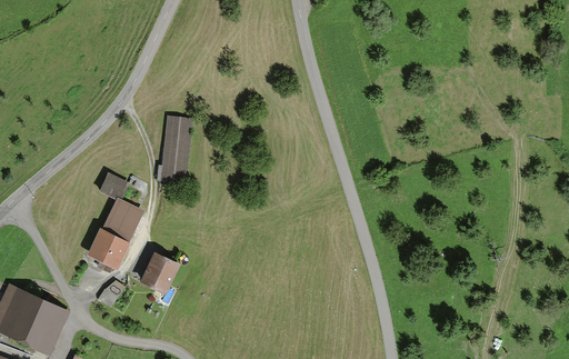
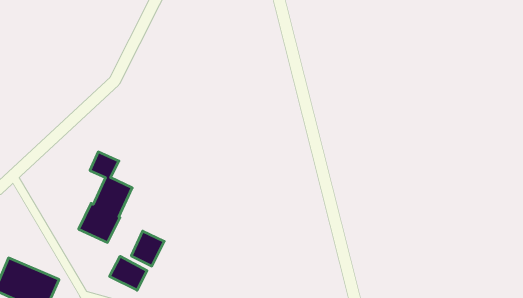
building: [156,114,192,182] -> none
building: none -> [110,256,147,290]

